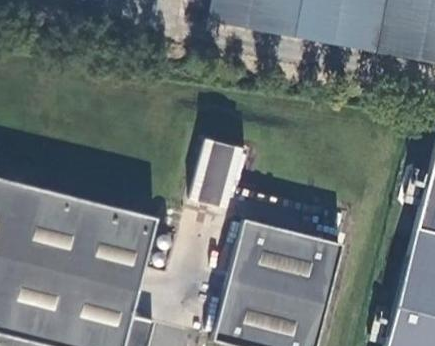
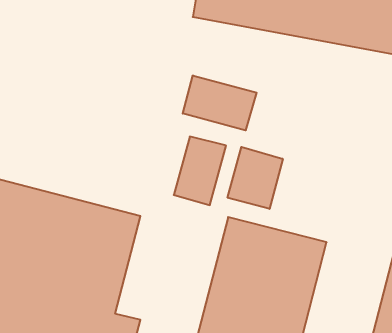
building: none -> [183,75,257,130]
building: none -> [228,147,283,209]

